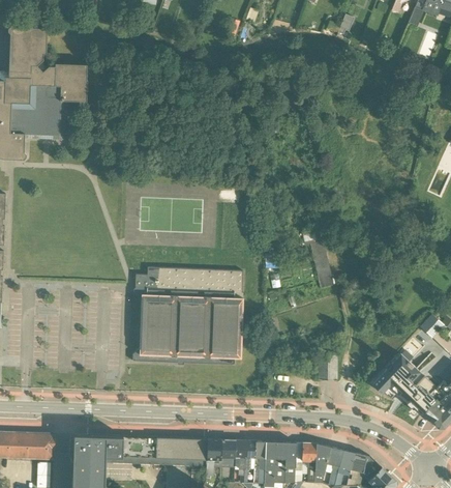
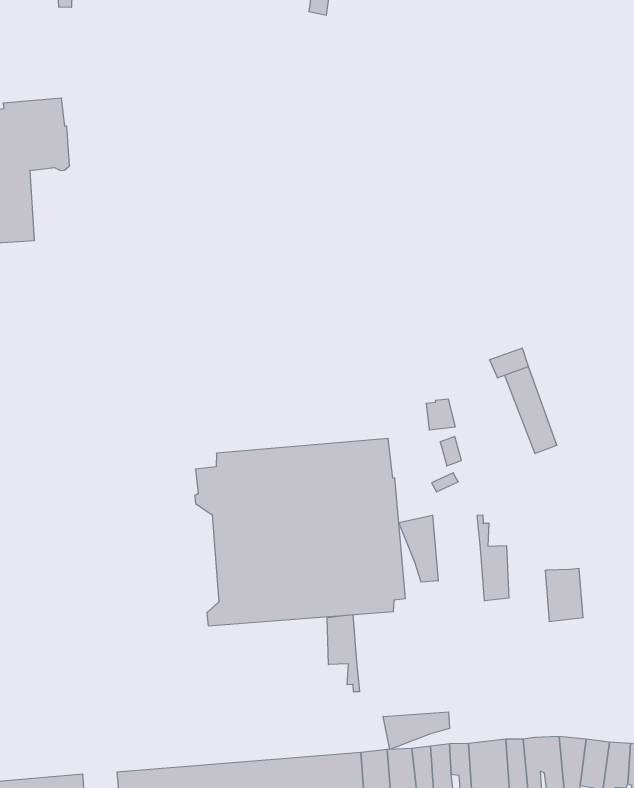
building: none -> [399,515,438,582]
building: none -> [477,515,509,601]
building: none -> [327,615,359,692]
building: none -> [383,712,449,749]

